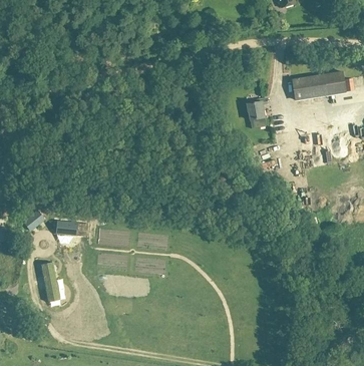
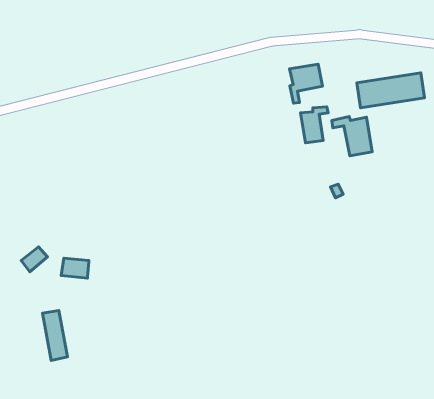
building: none -> [290,64,322,103]
building: none -> [332,117,372,156]

